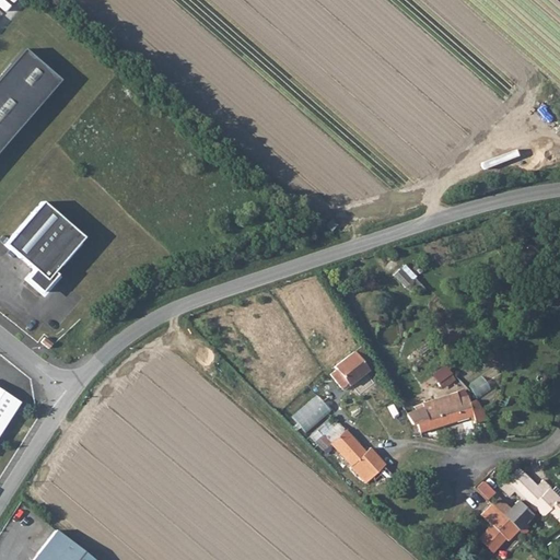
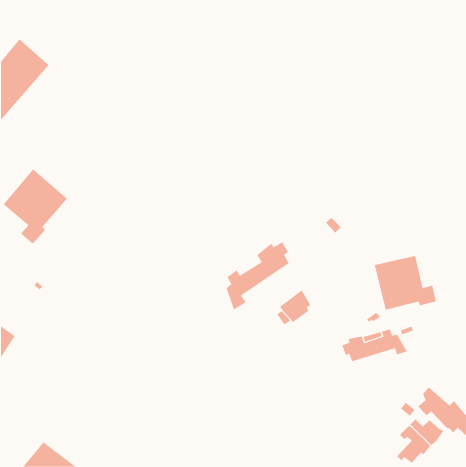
building: none -> [226,241,290,310]
building: none -> [374,255,437,310]
building: [296,397,331,431] -> none
building: [319,423,389,483] -> none

